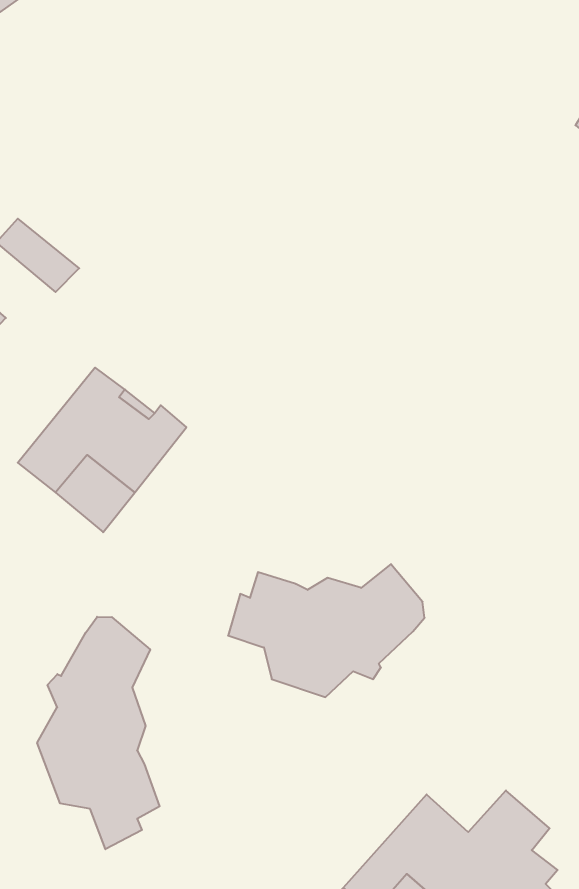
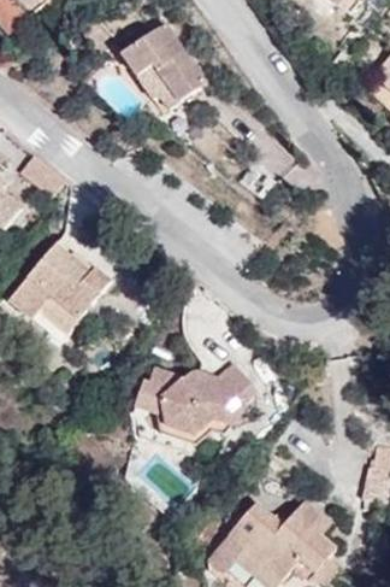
building: none -> [120,36,196,118]
building: [37,617,160,849] -> none

